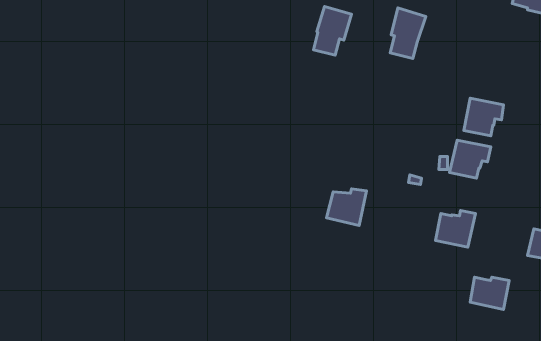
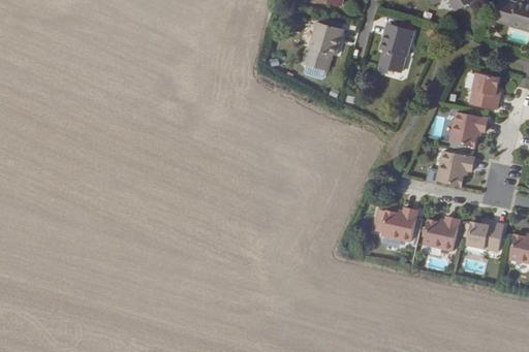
building: none -> [470,68,501,107]
building: [327,189,367,225] -> [379,209,417,244]
building: [470,277,509,310] -> [468,222,505,253]

